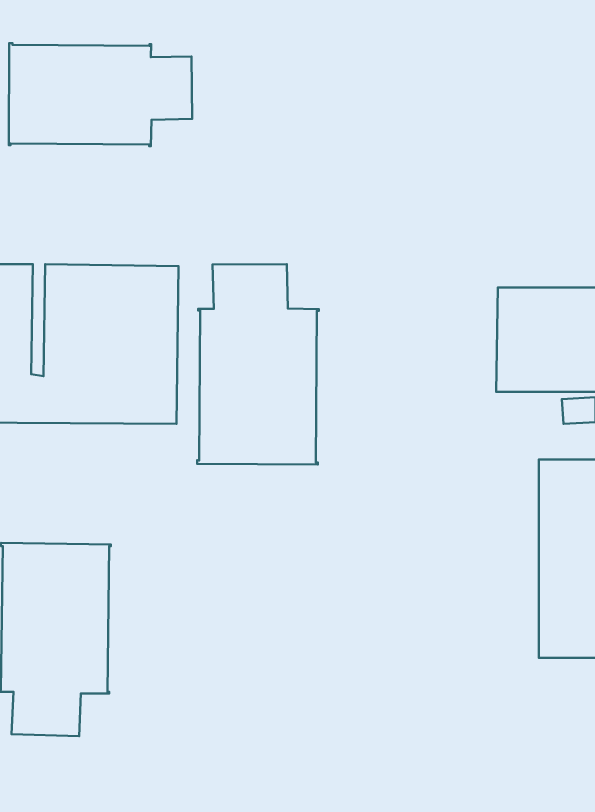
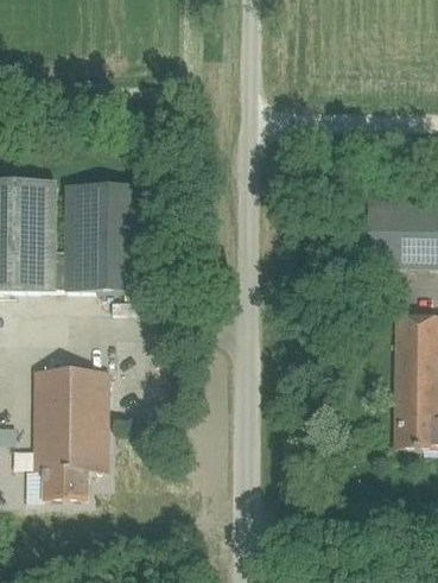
building: [9,43,192,146] -> none
building: [197,264,319,464] -> none

